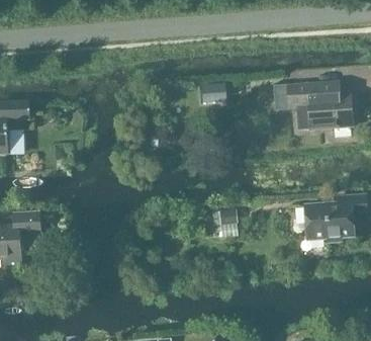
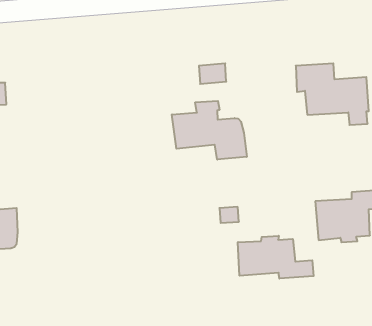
building: none -> [172,101,247,160]
building: none -> [238,236,314,279]

